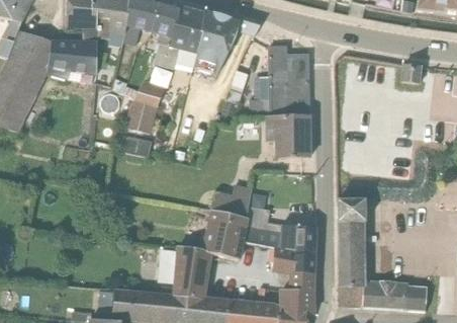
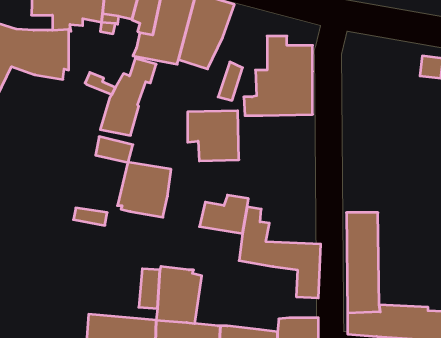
building: [265,114,309,158] -> [188,111,239,161]
building: [201,212,248,259] -> [117,162,171,217]
building: [272,246,295,272] -> none

